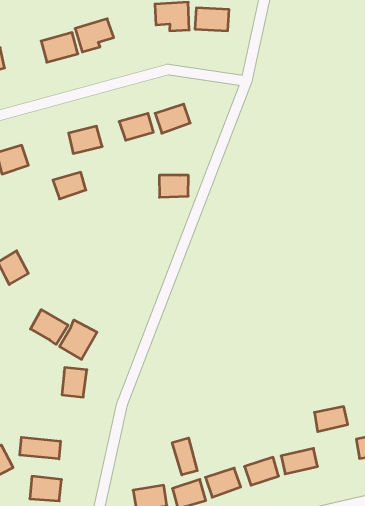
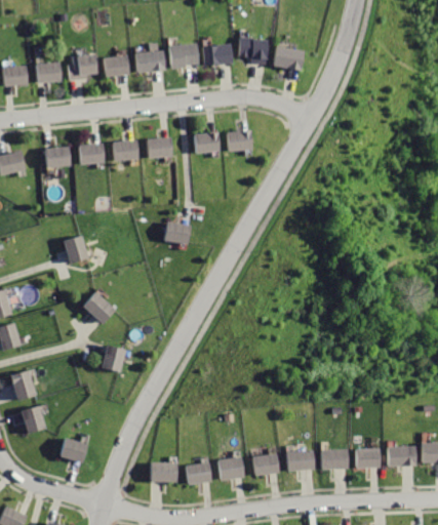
building: none -> [203,42,233,64]
building: none -> [102,54,130,76]
building: [53,172,86,199] -> [111,139,138,160]
building: [159,175,188,197] -> [163,220,192,243]
building: [60,320,97,359] -> none
building: [314,407,348,432] -> [321,450,349,469]
building: [20,437,60,459] -> none
building: [172,438,197,475] -> none

